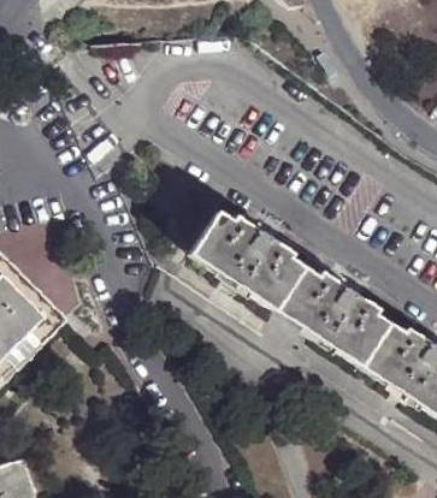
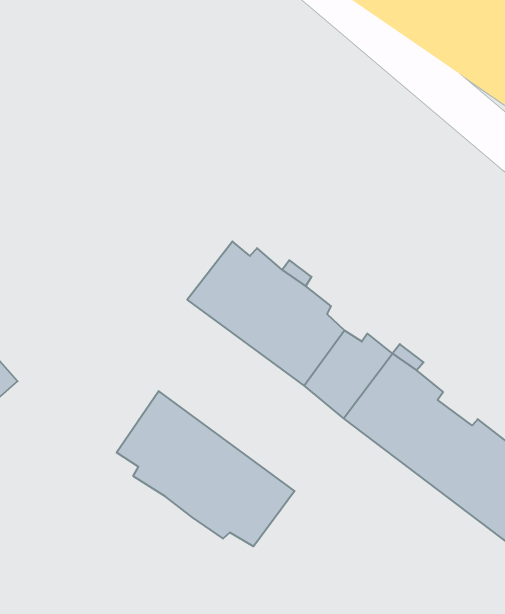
building: none -> [117,391,295,546]

